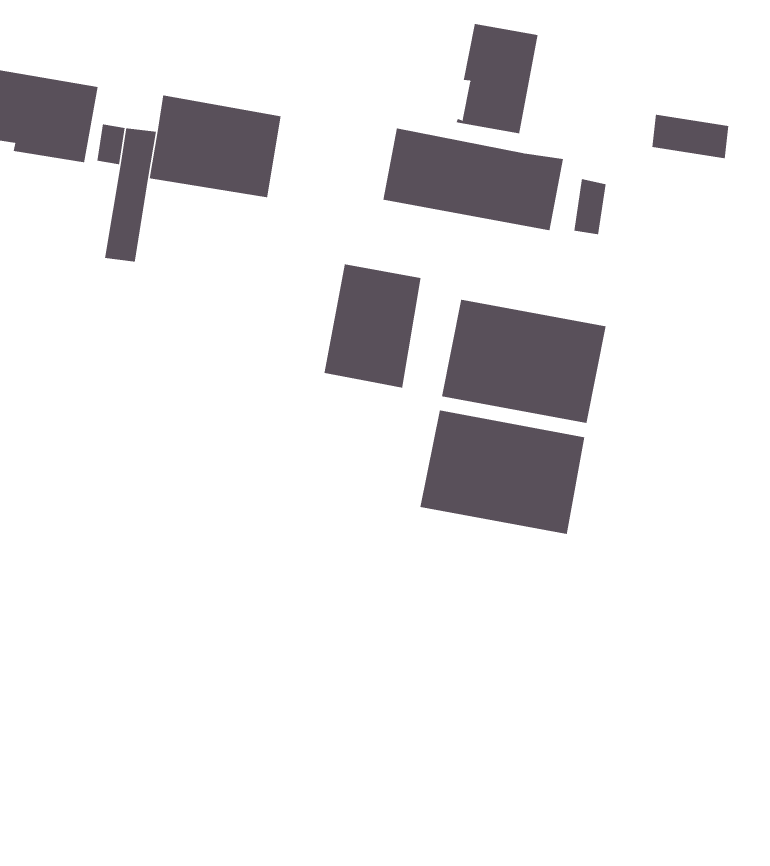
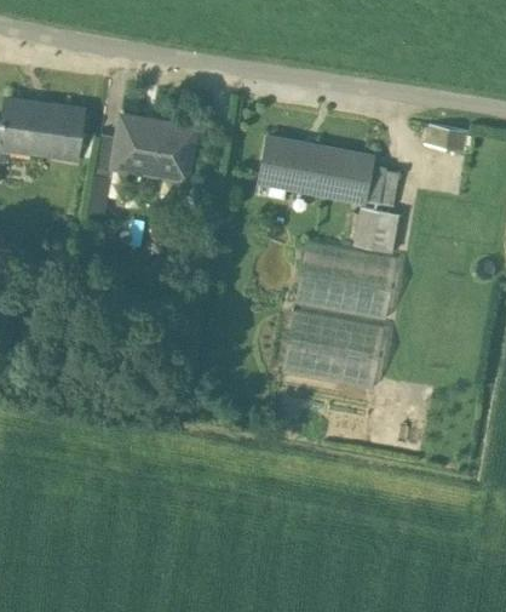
building: [456,23,538,134] -> none
building: none -> [358,211,399,254]
building: [324,264,421,388] -> none

